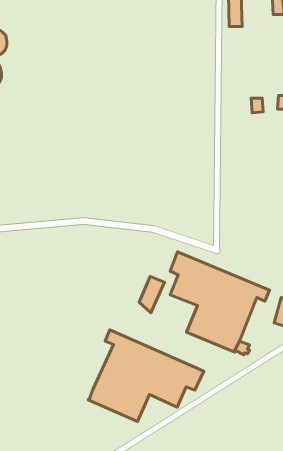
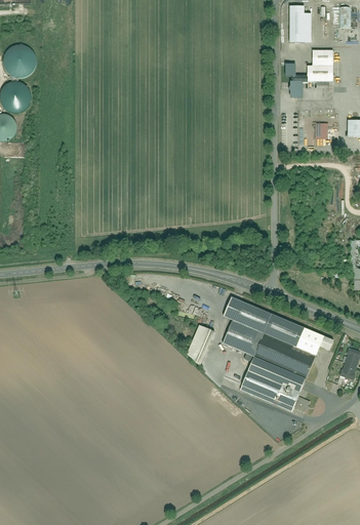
building: none -> [287,51,330,81]
building: [88,330,204,422] -> none

